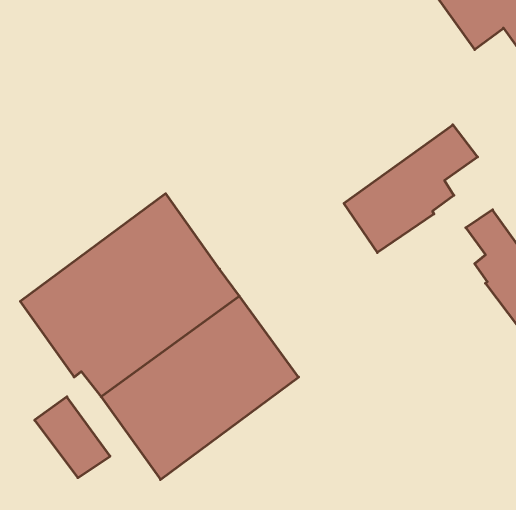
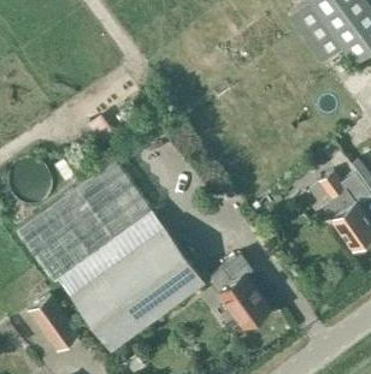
building: [344,125,478,253] -> none
building: none -> [207,253,270,328]

